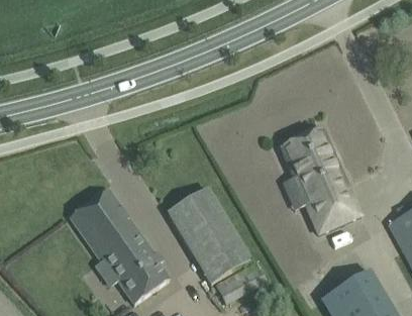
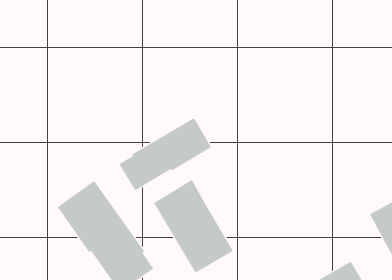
building: none -> [119,117,212,191]
building: [281,126,362,232] -> none

